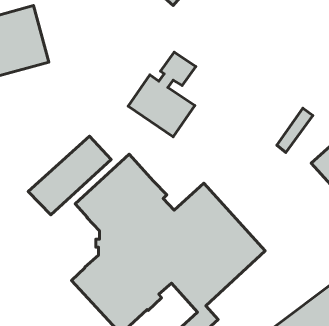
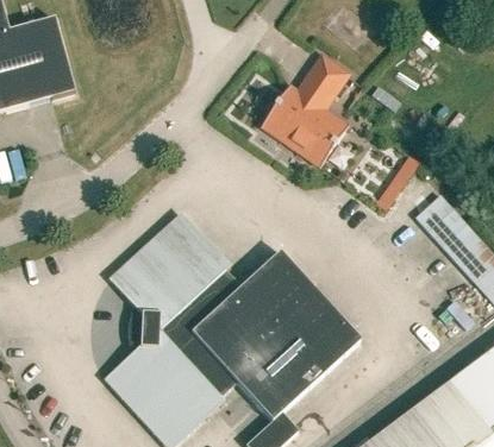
building: [128,52,196,137] -> [259,53,349,165]
building: [28,136,111,215] -> none

